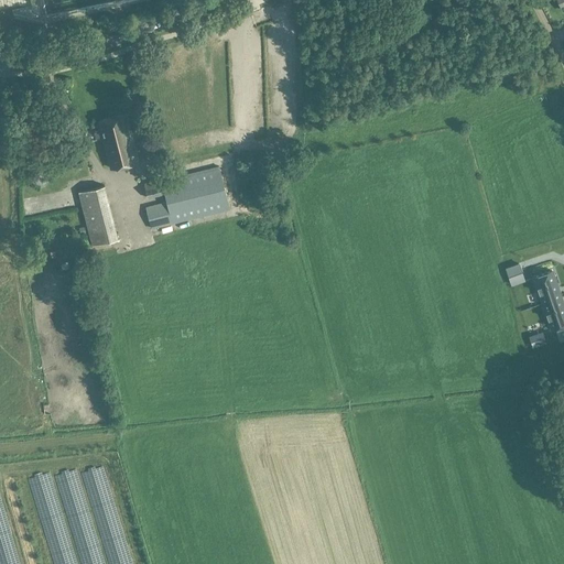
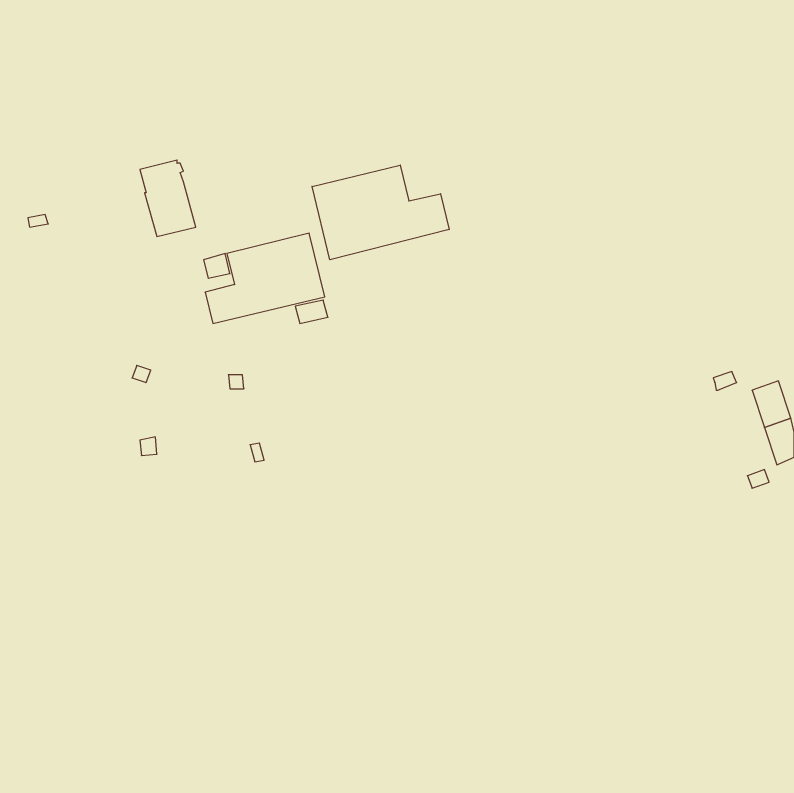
building: none -> [312,165,449,260]
building: [78,186,119,247] -> none

